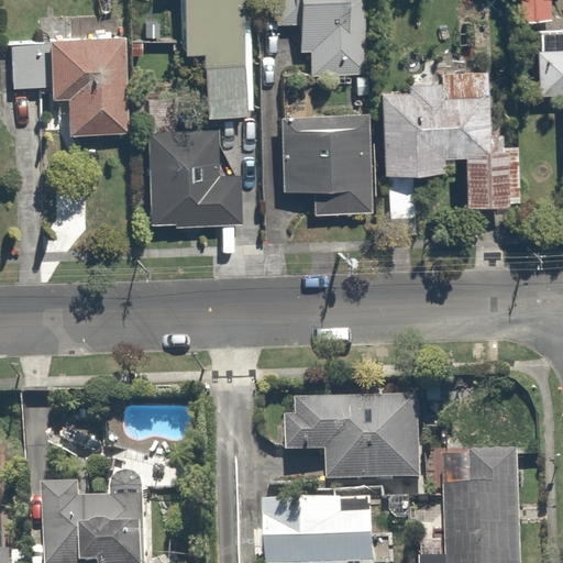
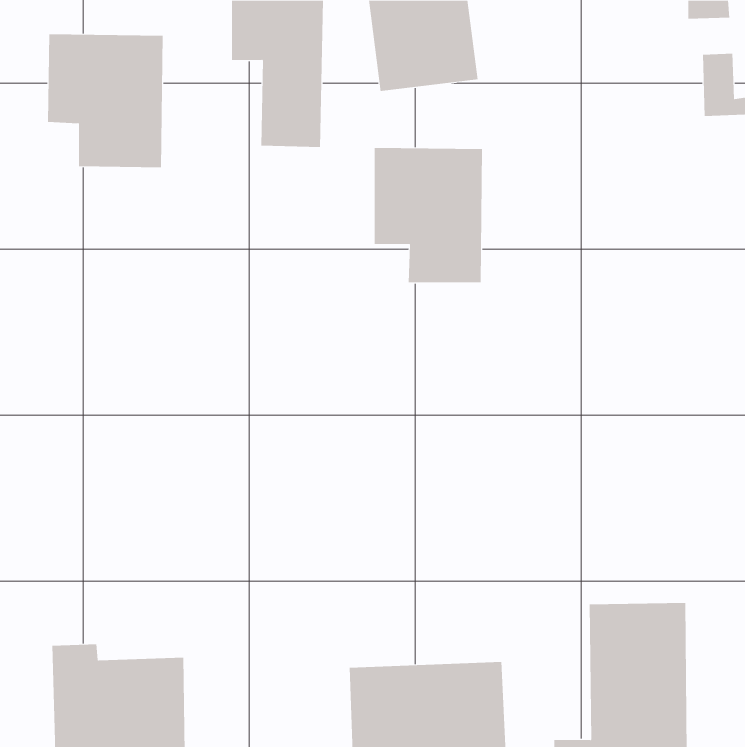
building: [377,84,515,195] -> none
building: [139,125,241,227] -> none
building: [286,398,421,485] -> none

